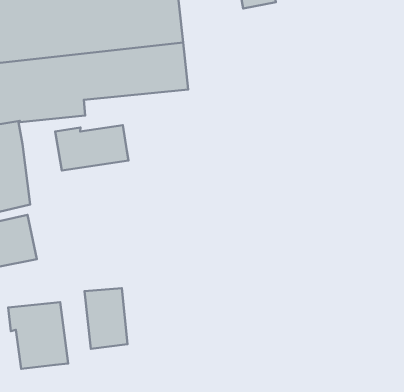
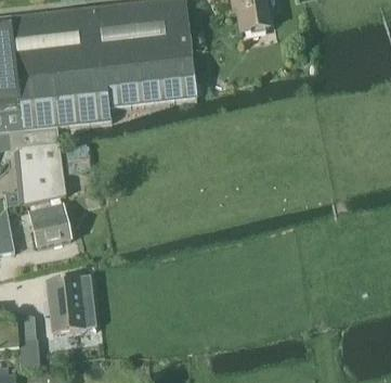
building: [55,125,129,170] -> none
building: [85,288,128,349] -> none

